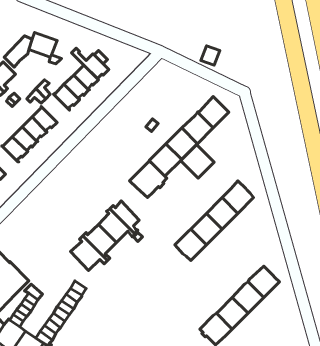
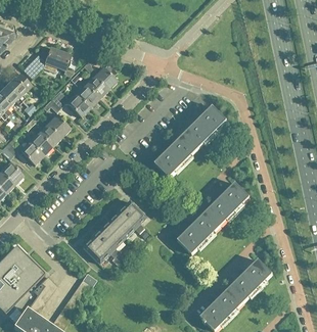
building: [181,145,214,178] -> none
building: [129,162,167,198] -> none

